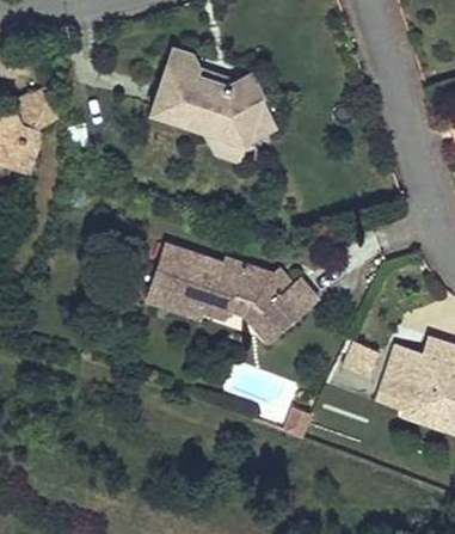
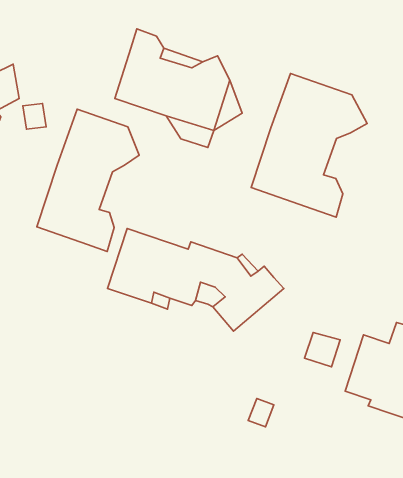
building: none -> [251,73,367,217]
building: none -> [37,109,139,252]

